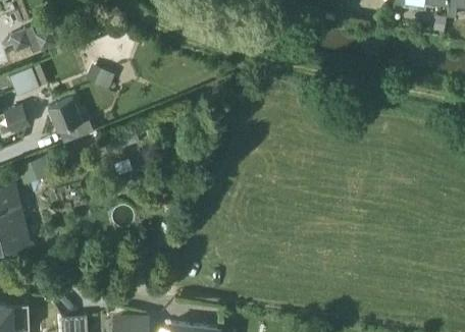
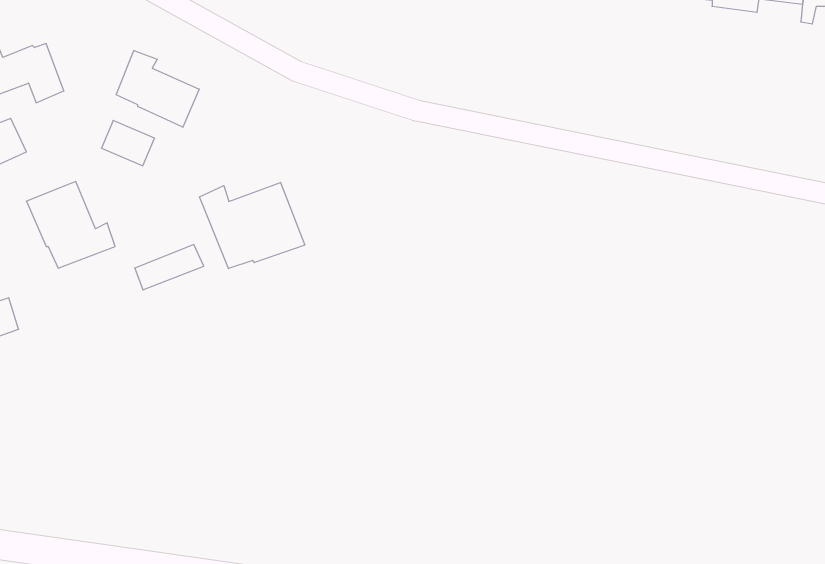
building: none -> [116,50,199,127]
building: none -> [199,182,305,269]

